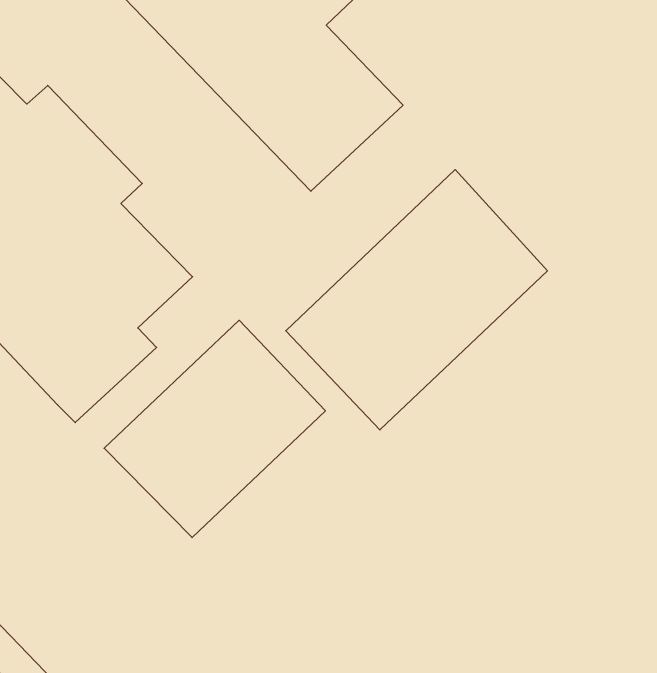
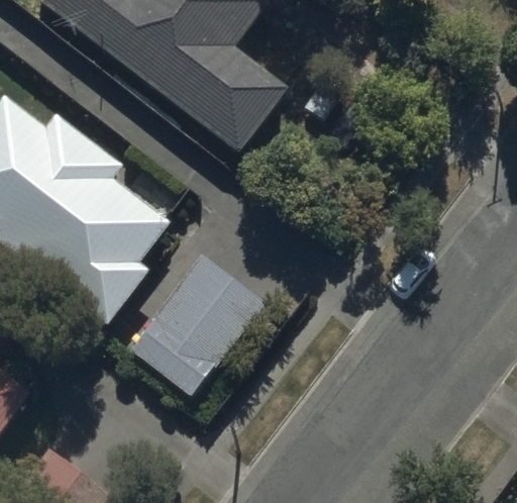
building: [286,170,547,430] -> none

